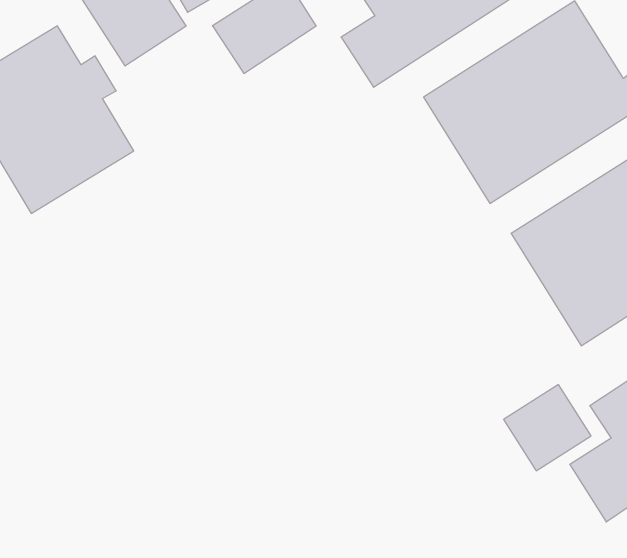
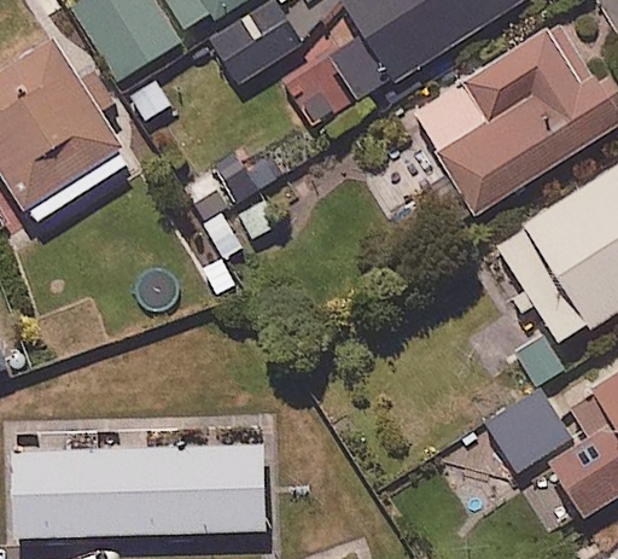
building: none -> [12,447,267,537]

